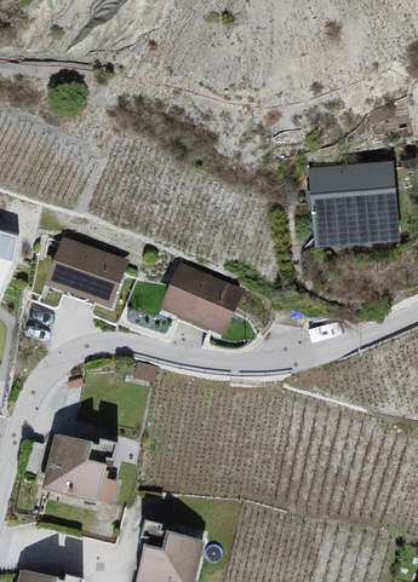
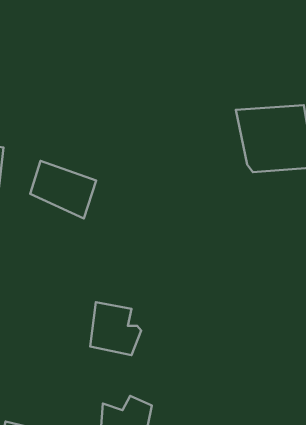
building: [160,263,245,338] -> none
building: [41,436,107,503] -> [90,302,141,355]

